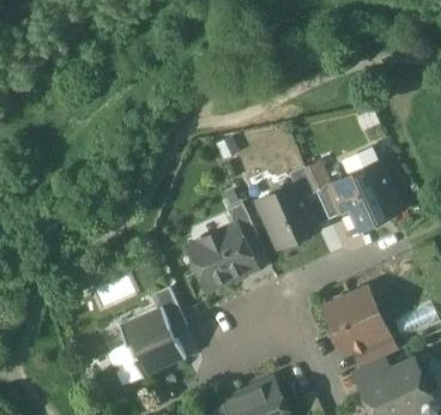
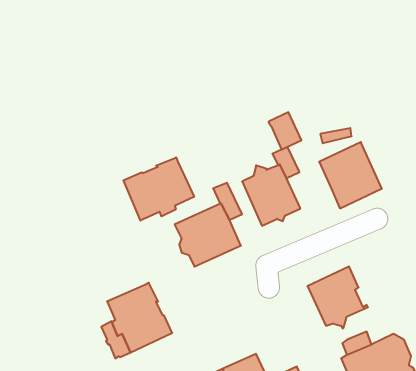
building: none -> [123,157,194,221]
building: [316,181,350,219] -> [269,112,301,149]
building: [151,287,187,332] -> none
building: [361,331,397,365] -> none

